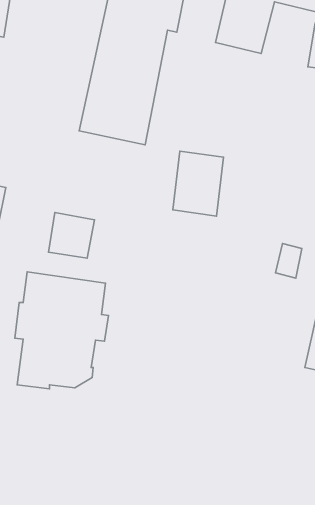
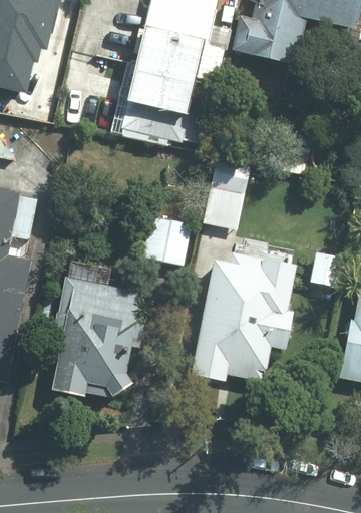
building: [49,213,94,258] -> [142,217,188,263]
building: none -> [190,251,297,391]

